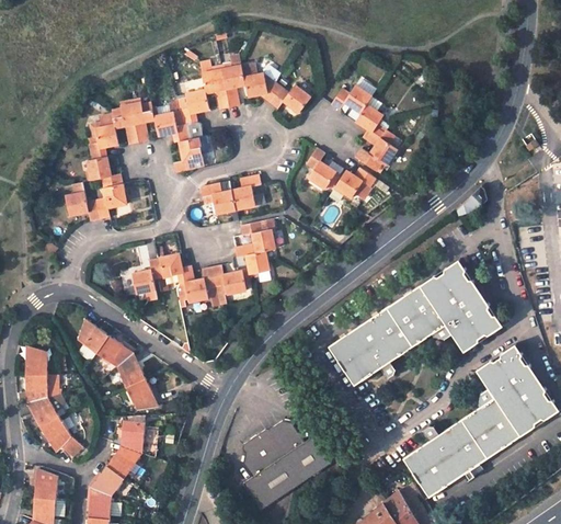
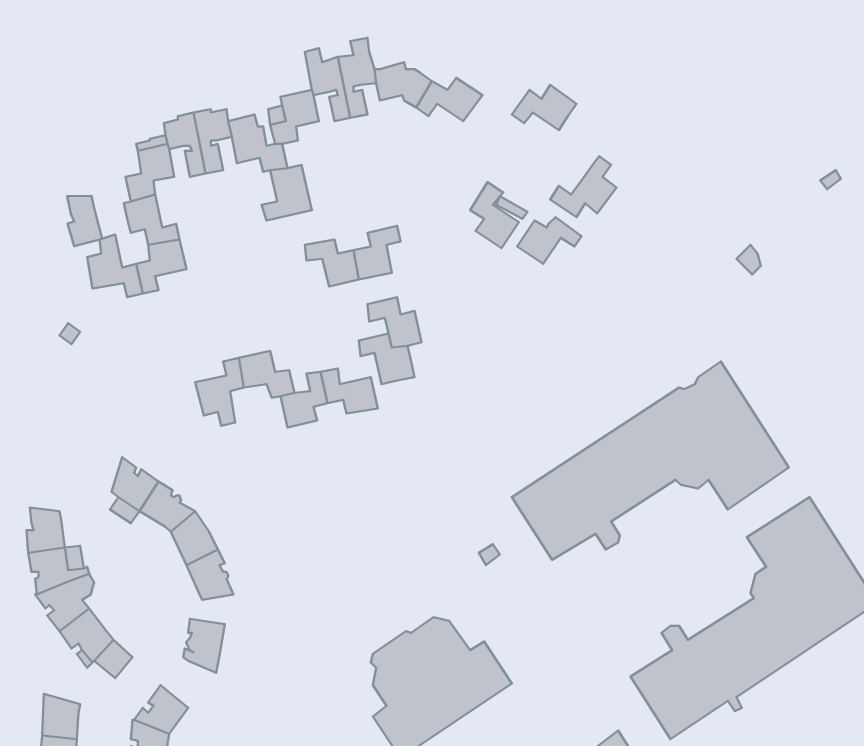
building: [354,105,381,146] -> none
building: none -> [67,196,102,246]
building: [108,448,144,478] -> none

